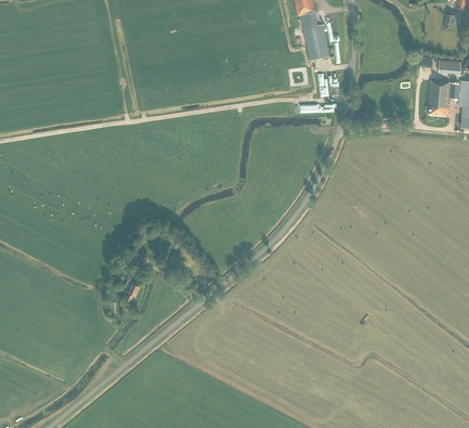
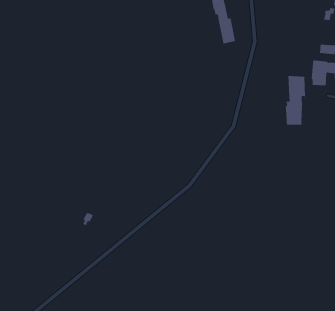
building: none -> [285,75,305,126]

